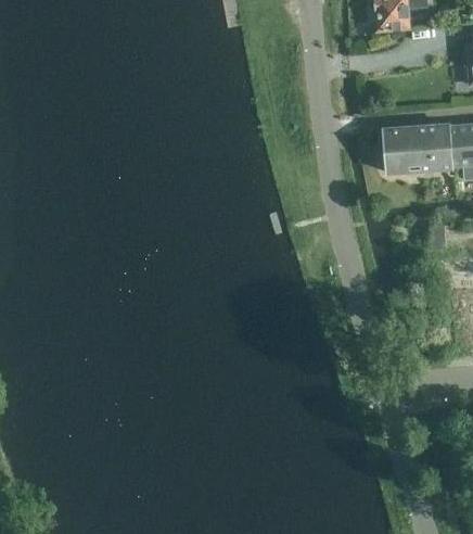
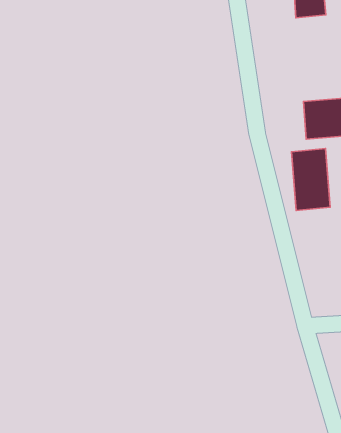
building: none -> [291,149,330,210]

